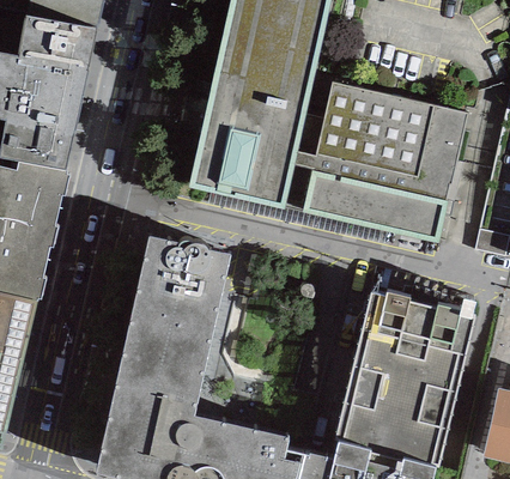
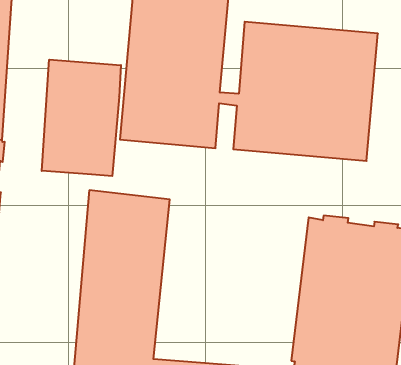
building: none -> [42,60,121,176]

